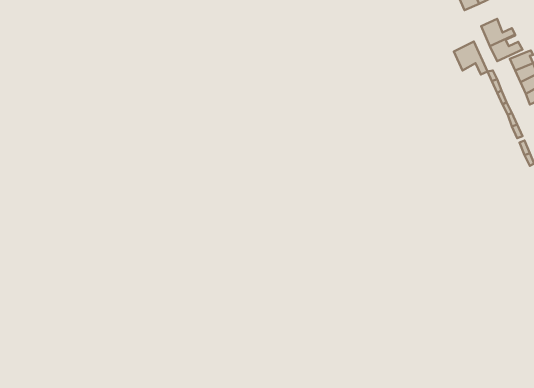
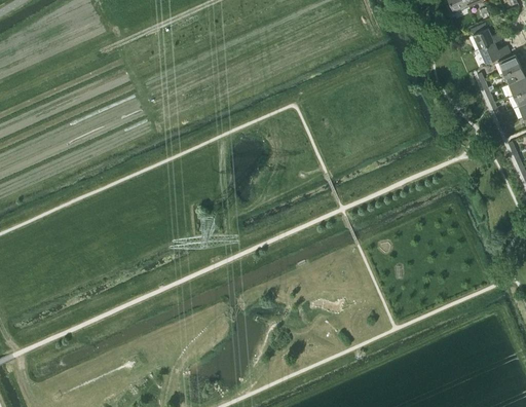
building: [454,41,488,74] -> none

